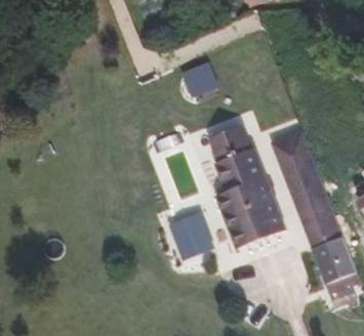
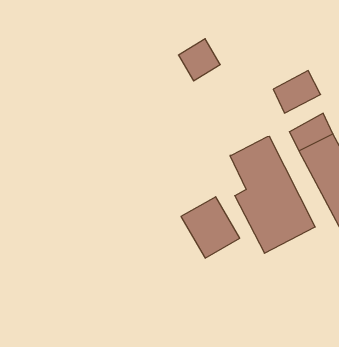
building: [210,126,250,160] -> [273,71,321,113]

